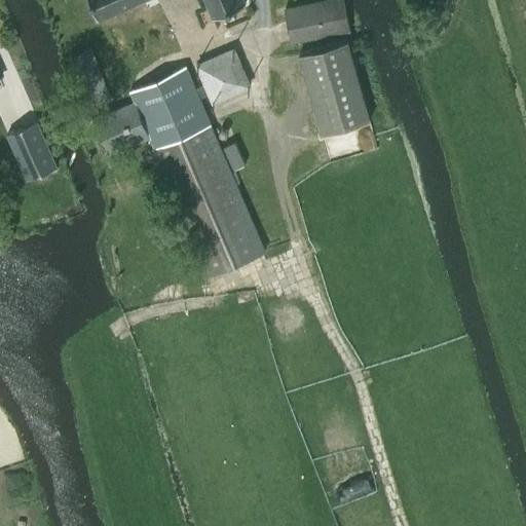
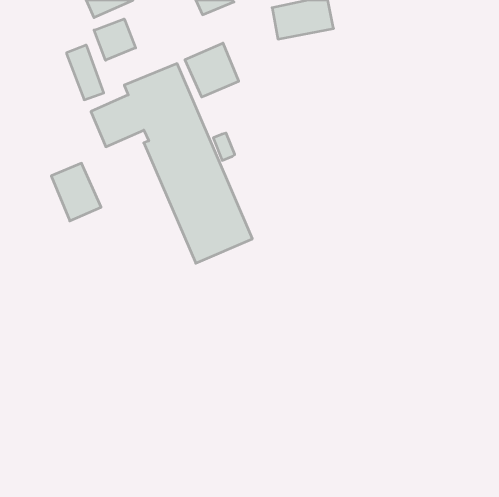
building: none -> [94,19,136,60]
building: [300,42,370,137] -> none
building: [7,122,60,183] -> [51,163,101,221]

